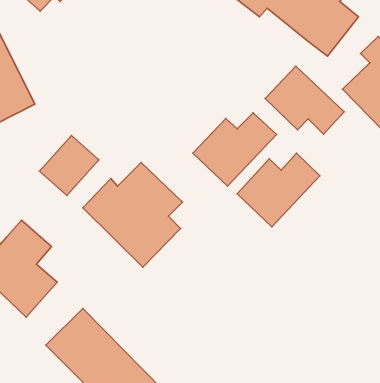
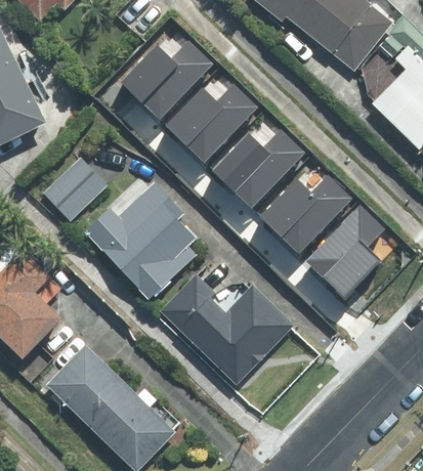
building: none -> [118,41,208,121]
building: [265,66,344,134] -> none
building: none -> [163,85,254,165]
building: none -> [302,205,380,296]
building: none -> [167,282,294,381]

